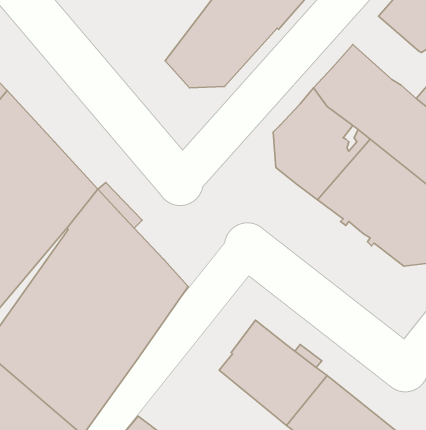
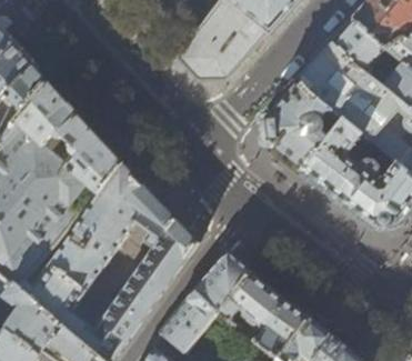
building: none -> [330,19,384,76]
building: none -> [160,250,250,352]

